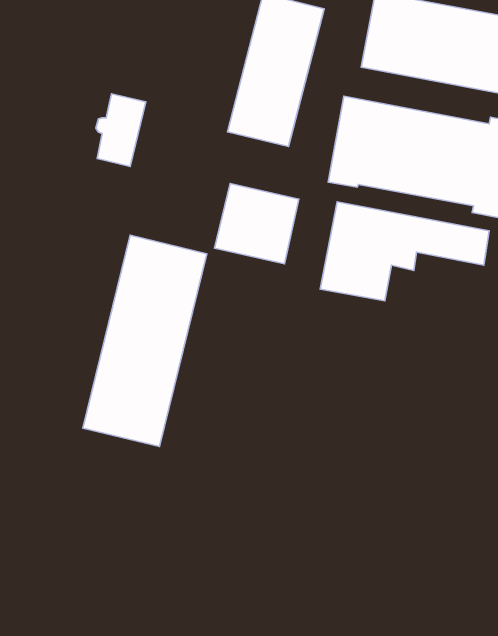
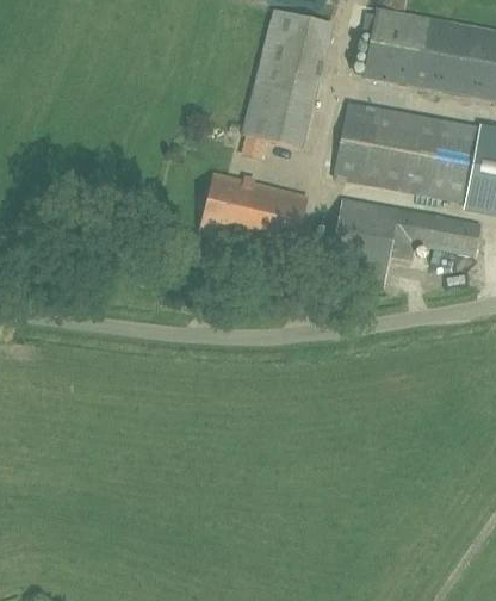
building: [96,94,146,167] -> [200,173,246,238]
building: [83,235,207,447] -> none

